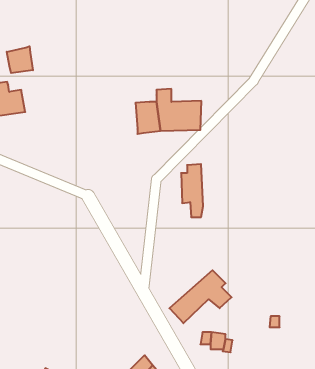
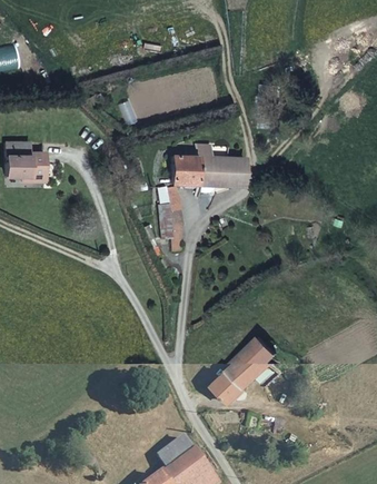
building: [7,46,33,73] -> none
building: [181,164,203,217] -> [158,195,182,254]

